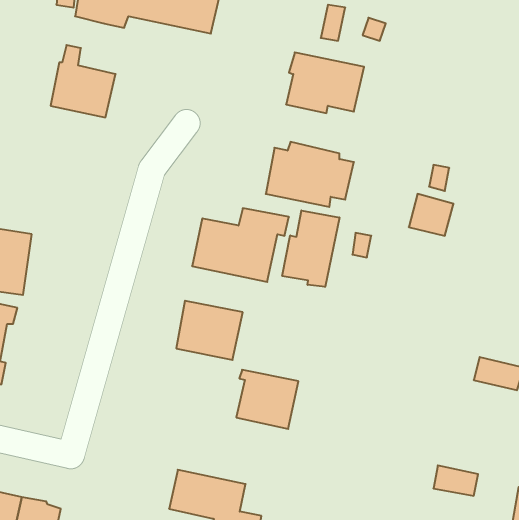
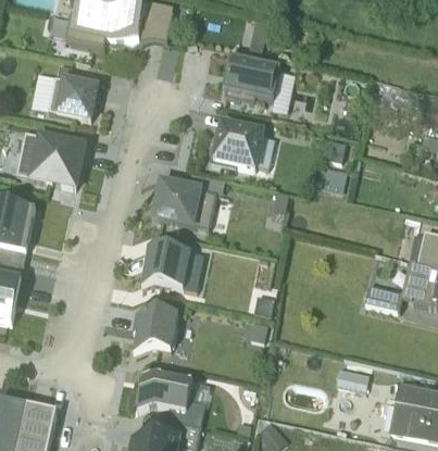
building: none -> [15,124,84,178]
building: [282,210,339,287] -> none
building: [236,370,298,429] -> [133,310,179,354]

